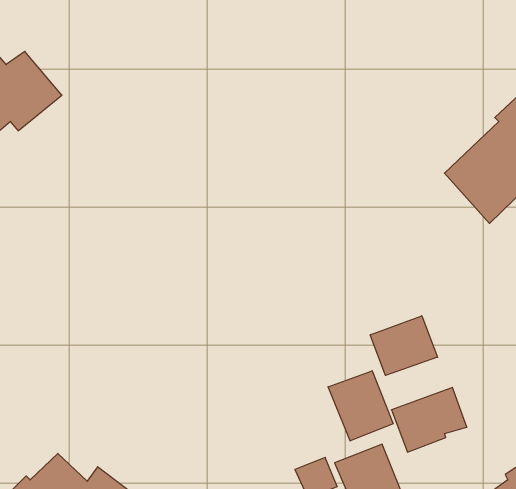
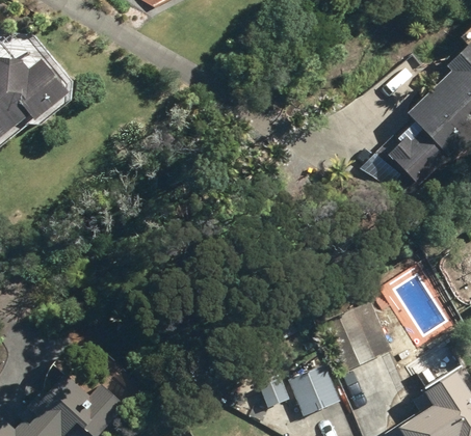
building: [370,316,438,375] -> none
building: [328,371,393,441] -> none

